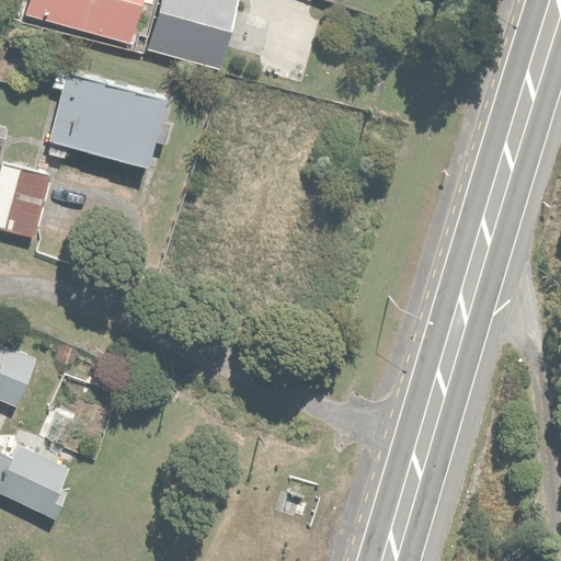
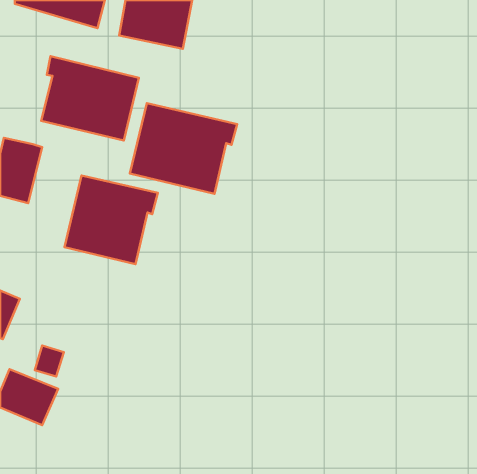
building: none -> [130,103,237,194]
building: none -> [65,175,158,264]

